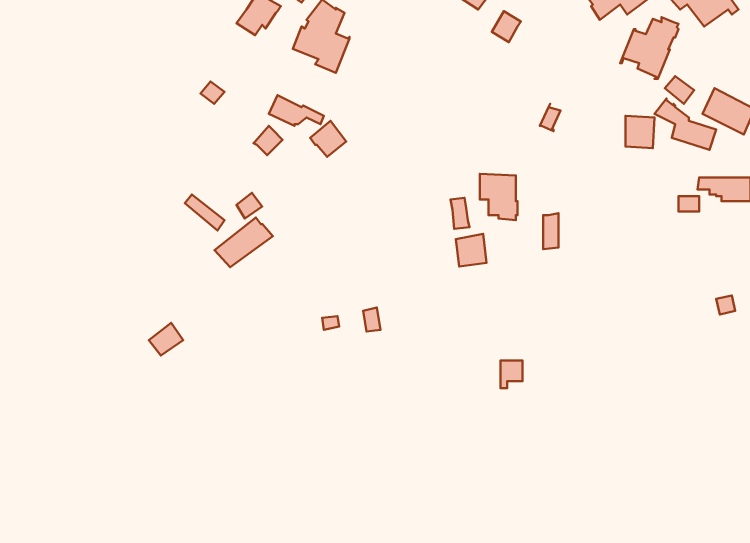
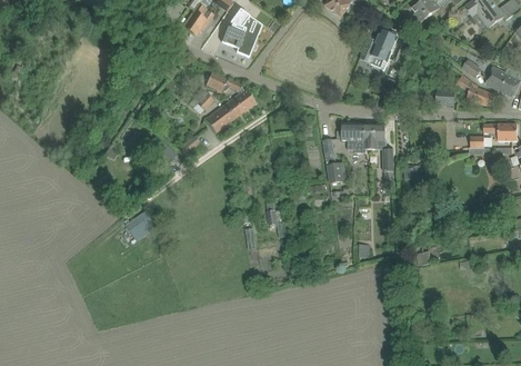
building: [620,17,678,79] -> [360,28,398,68]
building: none -> [365,122,387,148]
building: [215,217,273,267] -> [206,98,243,130]

